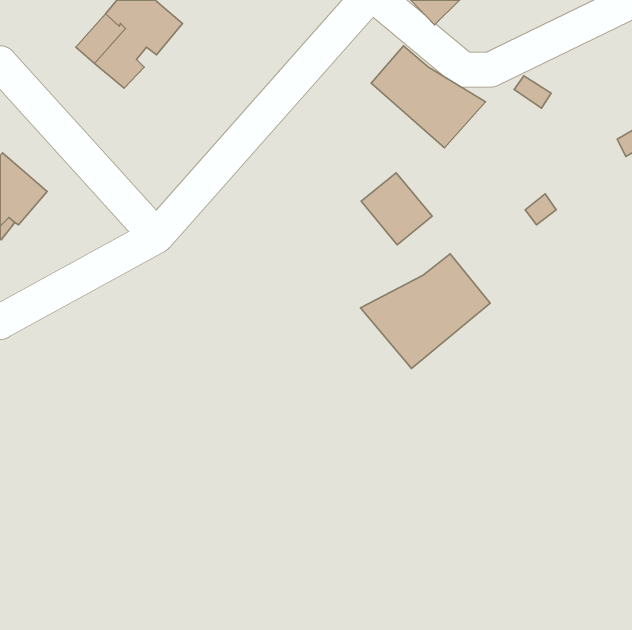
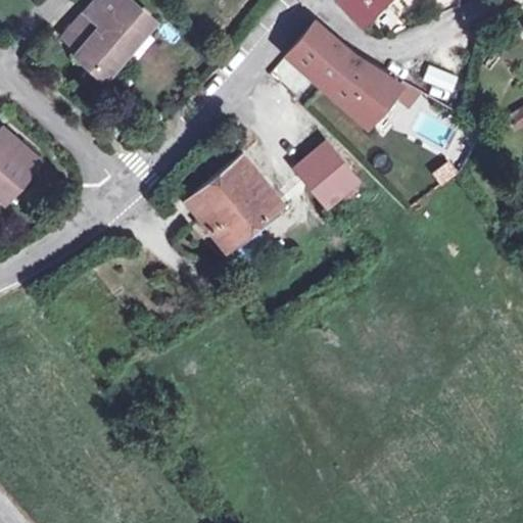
building: none -> [288,25,334,73]
building: none -> [187,156,282,250]
building: [361,254,490,369] -> none

